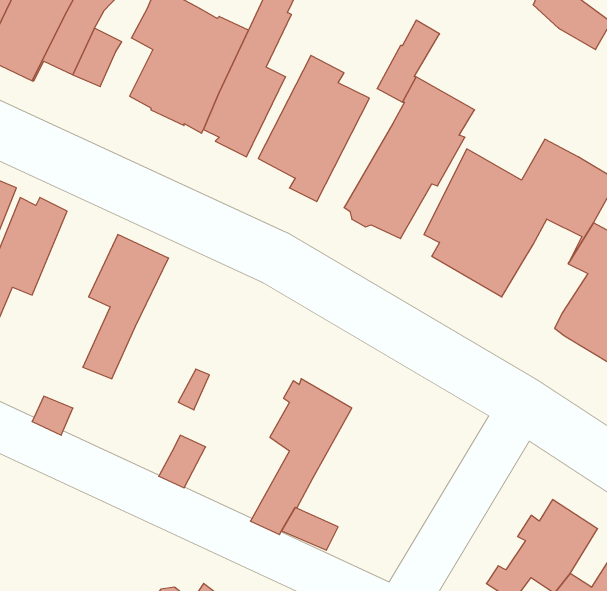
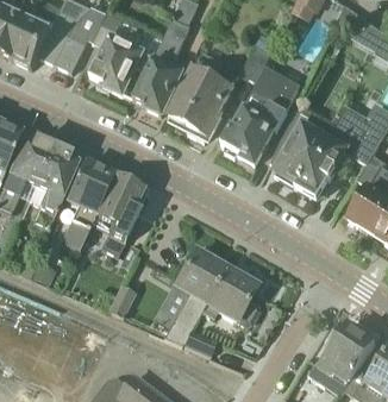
building: none -> [30,146,76,228]
building: none -> [93,175,142,255]
building: none -> [201,266,258,324]

